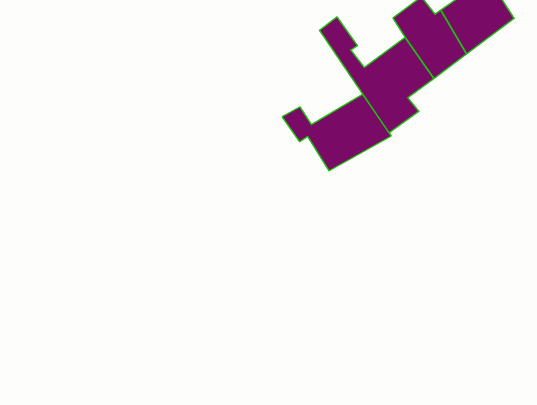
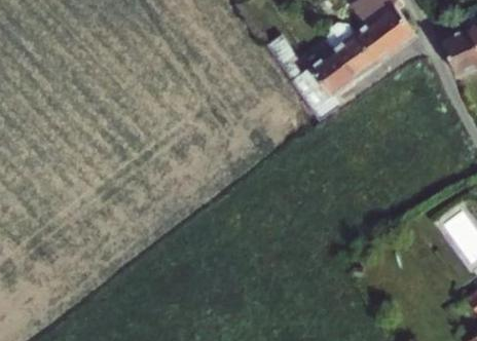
building: [283,94,391,171] -> none

